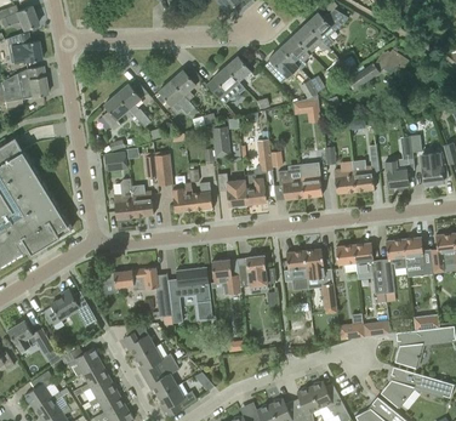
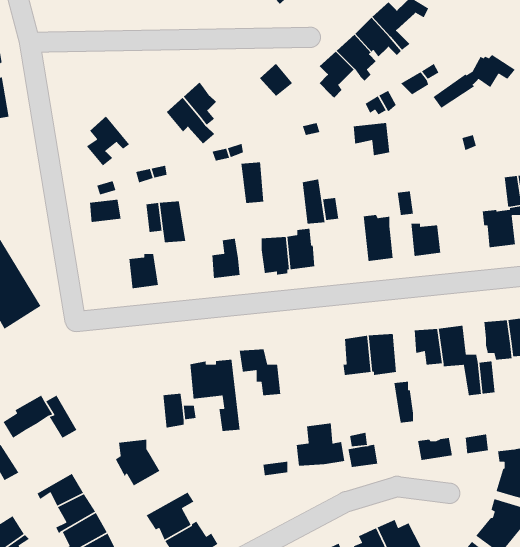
building: [210,67,245,103] -> none
building: [116,83,150,126] -> none
building: [352,159,374,192] -> none
building: [278,170,303,199] -> none
building: [113,180,135,218] -> none
building: [171,182,193,212] -> none
building: [239,255,274,292] -> [296,422,345,475]
building: [101,268,158,290] -> none
building: [136,347,175,379] -> none

